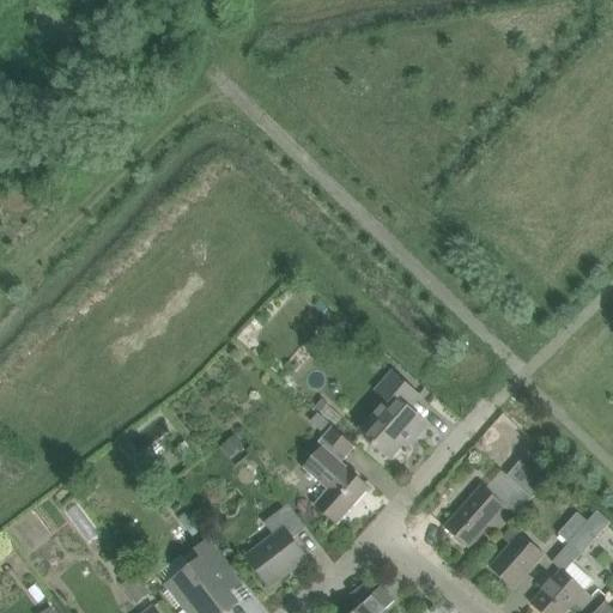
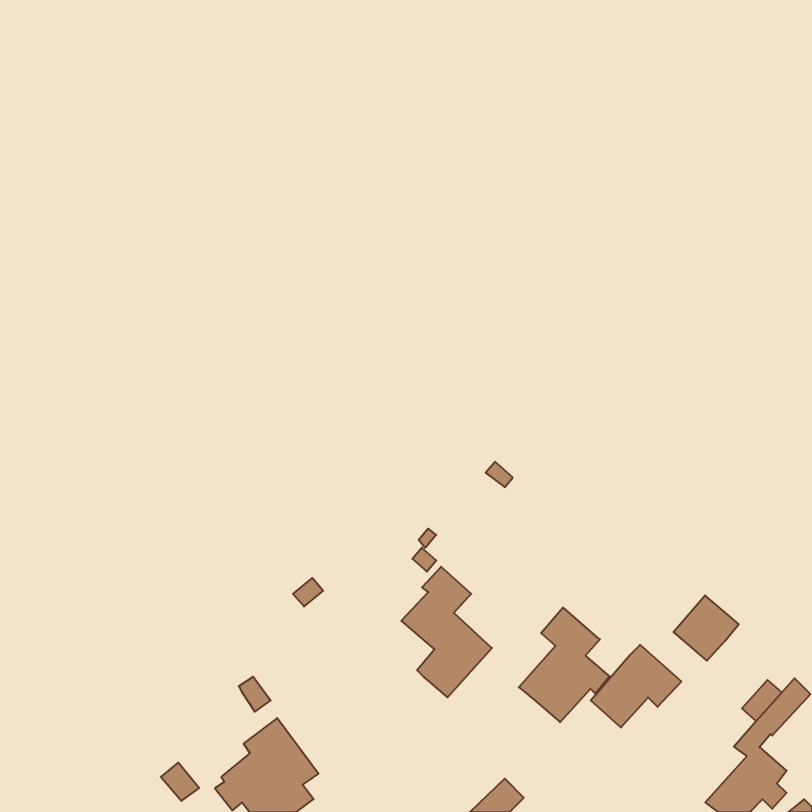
building: [358,371,426,457] -> [519,608,609,722]
building: [245,503,306,585] -> none
building: [490,526,544,588] -> none

